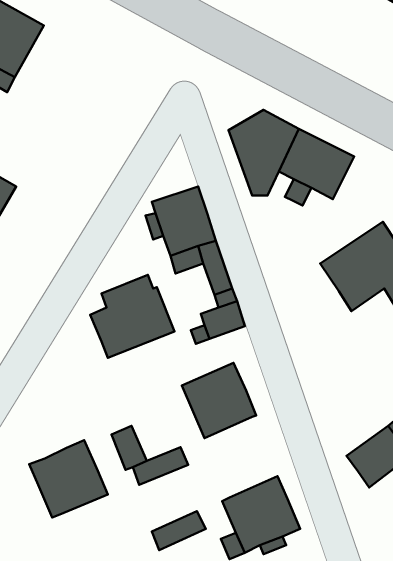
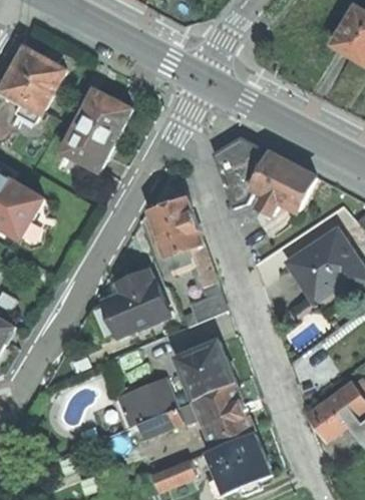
building: none -> [61,90,130,170]
building: none -> [135,379,174,418]
building: none -> [194,383,252,447]
building: [29,440,108,518] -> none

